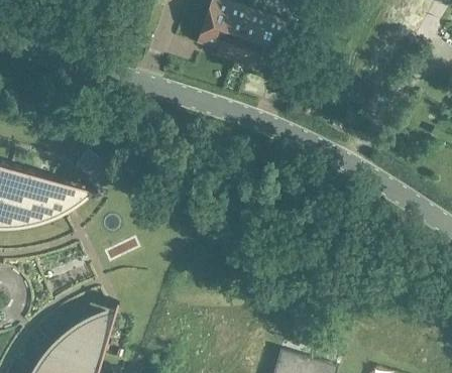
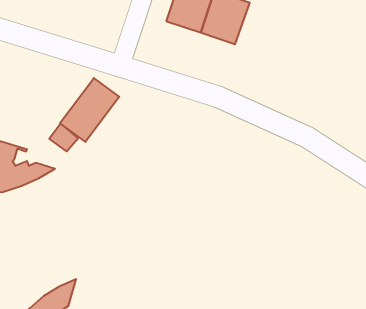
building: none -> [60,78,119,142]

